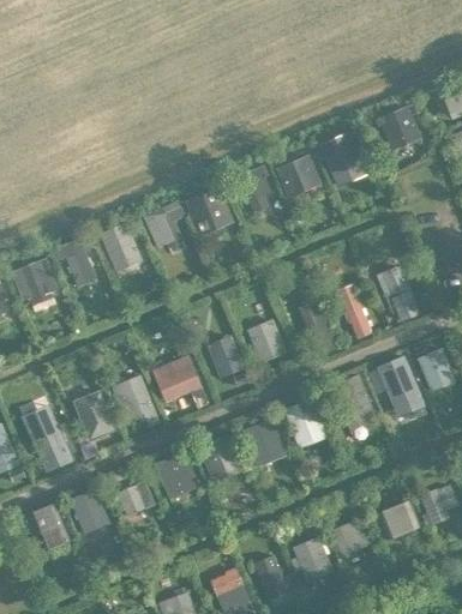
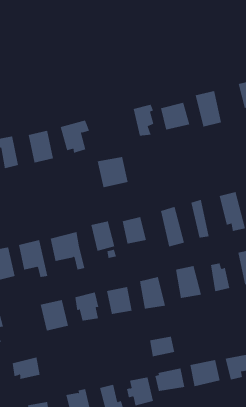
building: [186,189,234,236] -> [97,157,128,188]
building: none -> [149,336,175,357]
building: [113,481,155,516] -> [12,357,40,379]

